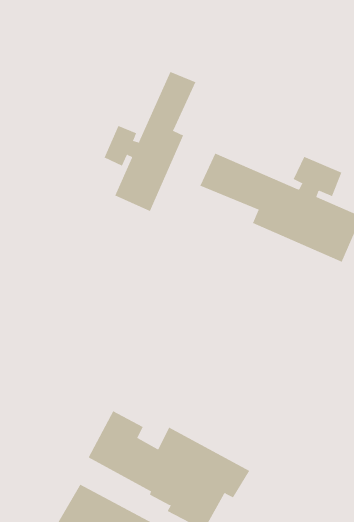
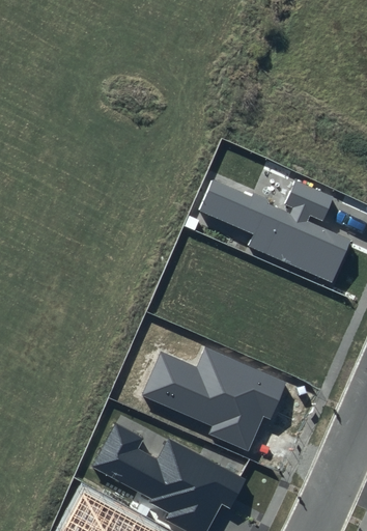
building: [104,71,196,212] -> none
building: none -> [141,345,287,450]

